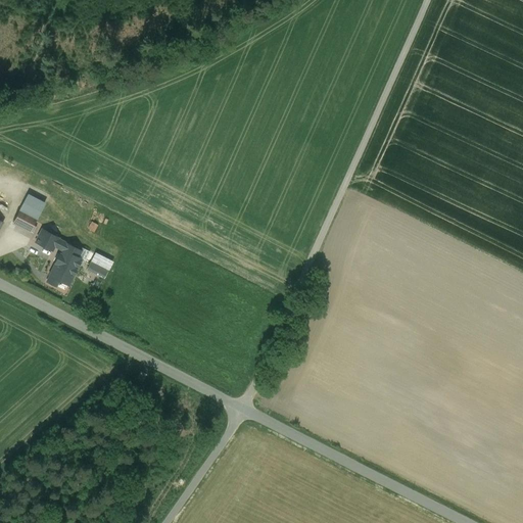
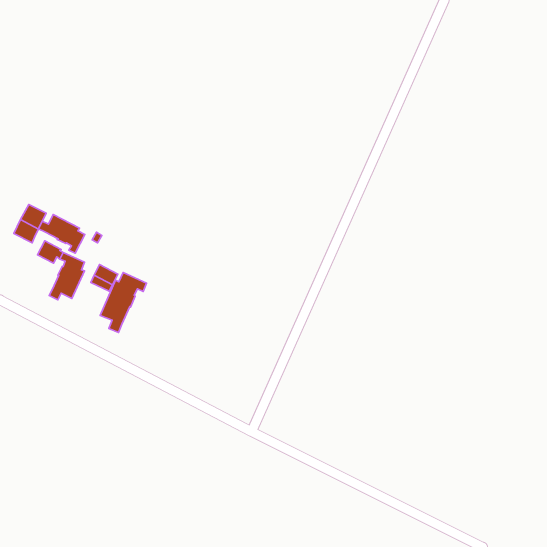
building: none -> [39,215,85,253]
building: none -> [100,273,147,332]

